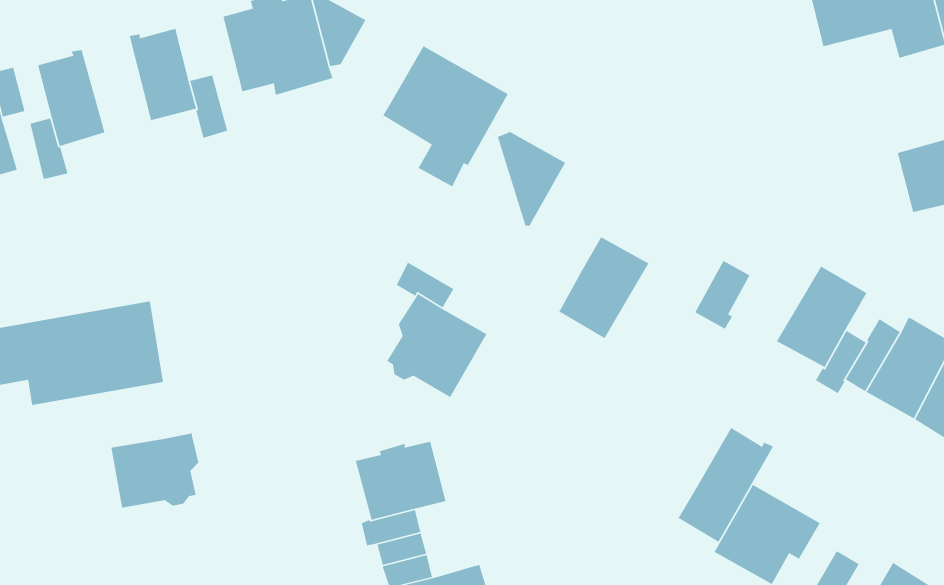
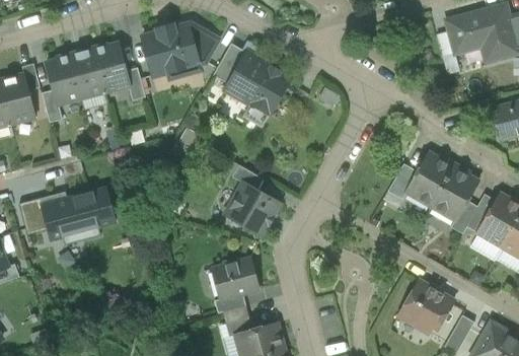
building: none -> [213,43,246,83]
building: none -> [69,47,104,97]
building: [497,131,566,226] -> none
building: [558,236,650,339] -> [405,152,453,206]
building: [677,427,774,543] -> none
building: [111,432,199,509] -> none

